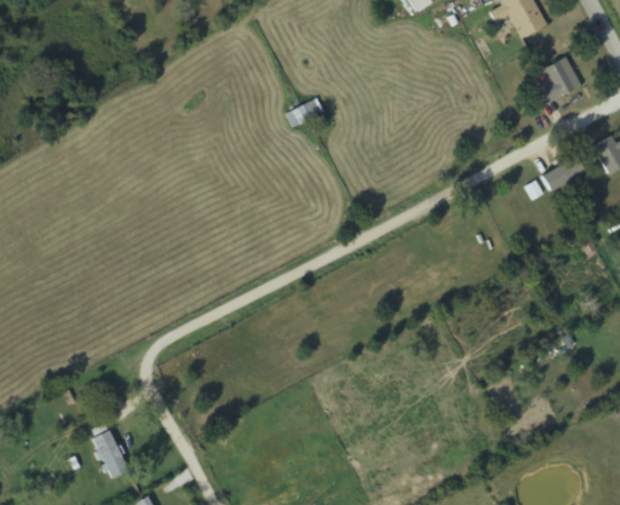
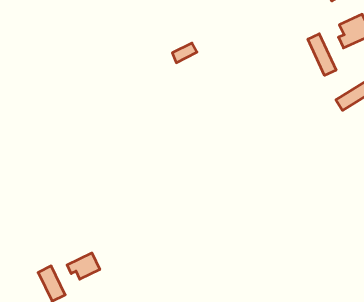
building: none -> [308,34,336,75]
building: none -> [67,253,100,279]

